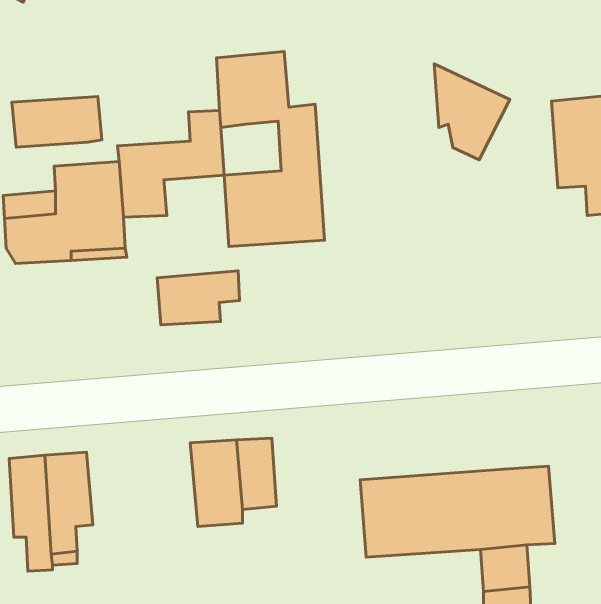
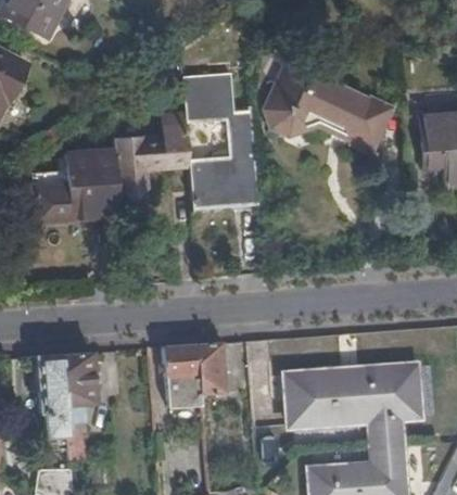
building: none -> [270,60,340,130]
building: [12,96,102,147] -> none
building: [157,271,239,325] -> none

